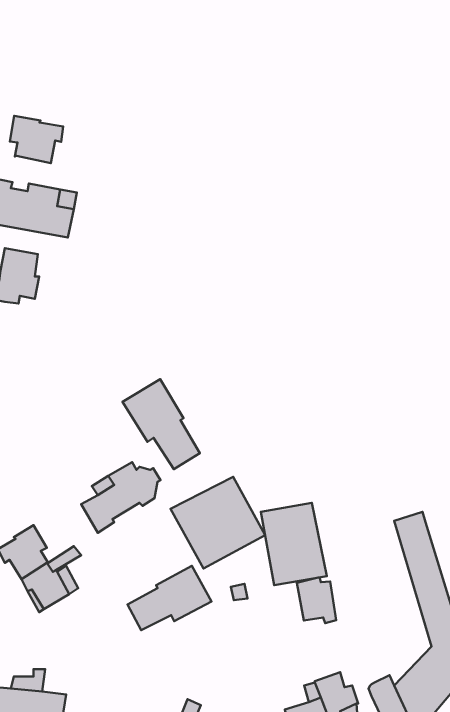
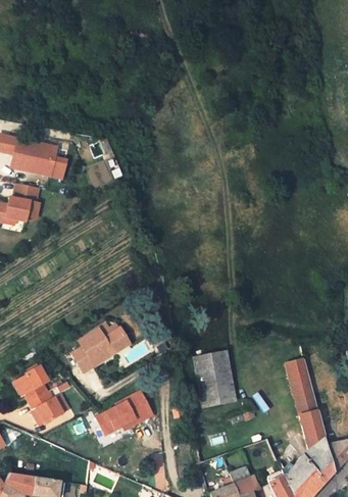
building: [10,116,63,163] -> none
building: [123,379,200,469] -> none
building: [171,477,265,569] -> none
building: [297,578,336,623] -> none

